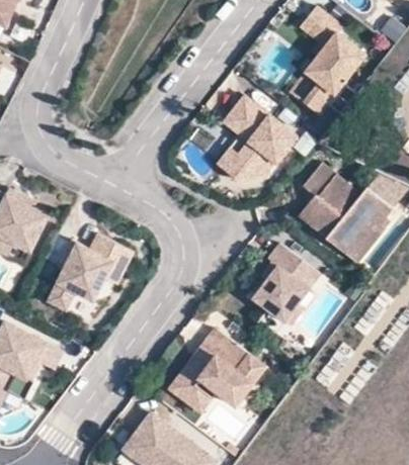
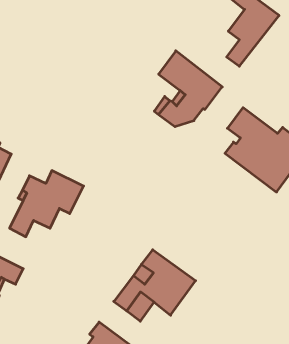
building: [253,242,320,319] -> none

